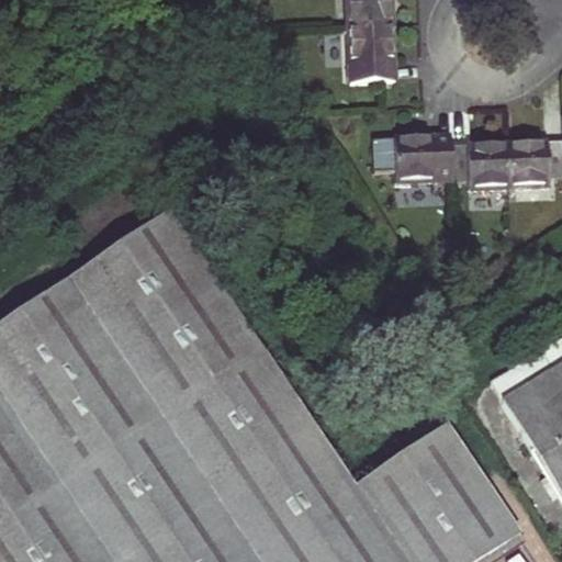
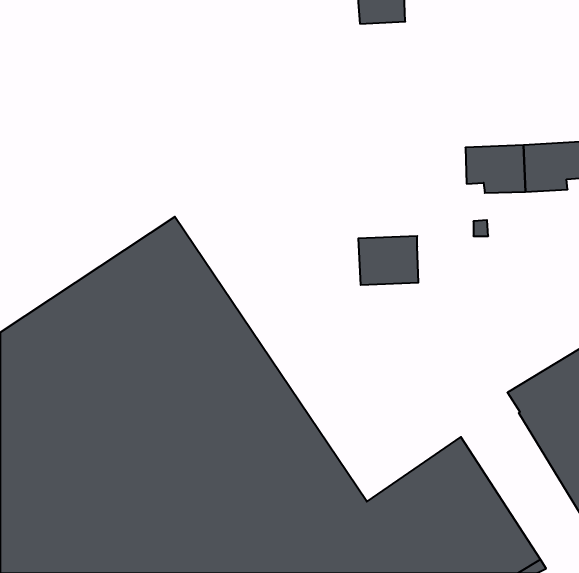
building: [349,21,396,81] -> none
building: [394,133,452,180] -> [358,236,418,285]

